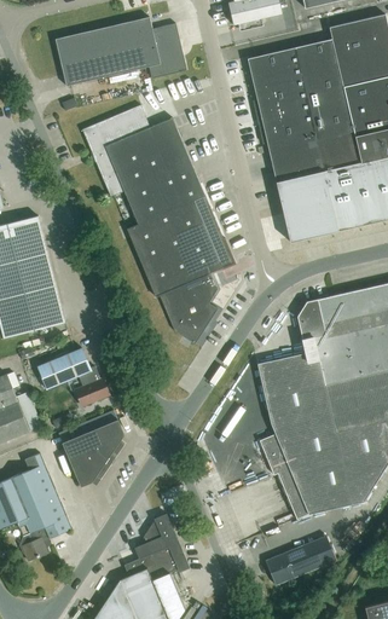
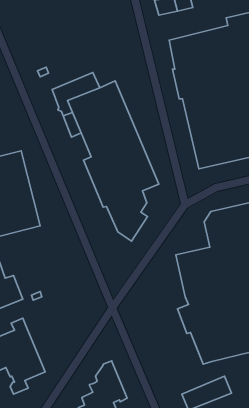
building: [56,17,186,86] -> none
building: [37,348,109,406] -> none
building: [62,420,124,487] -> none

